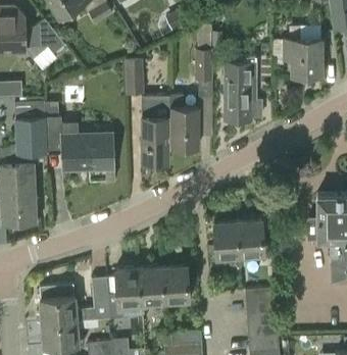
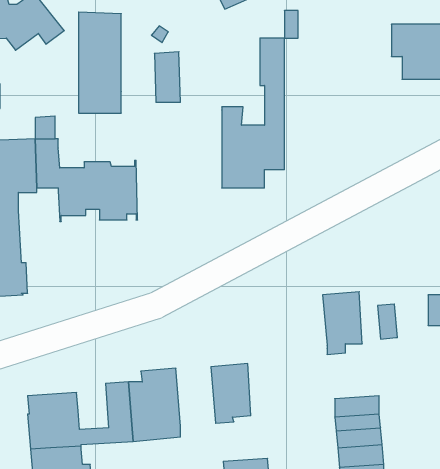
building: [222,59,260,123] -> none
building: [141,96,169,163] -> [79,12,121,113]
building: [213,220,240,261] -> none
building: [139,268,165,308] -> none

